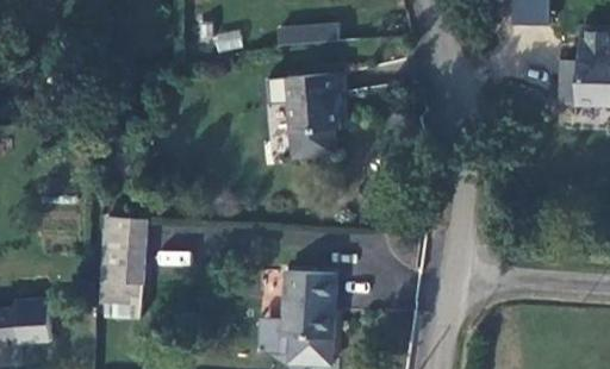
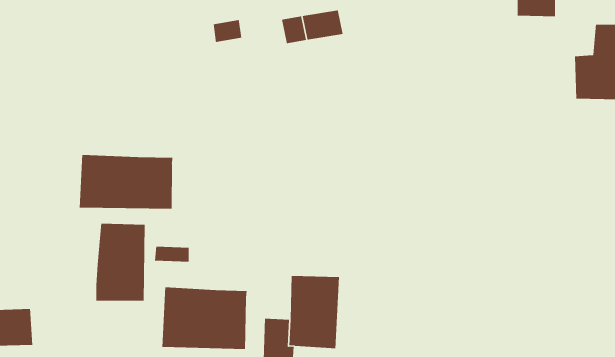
building: [290,75,349,157] -> none
building: none -> [79,154,173,210]
building: none -> [162,287,247,350]

